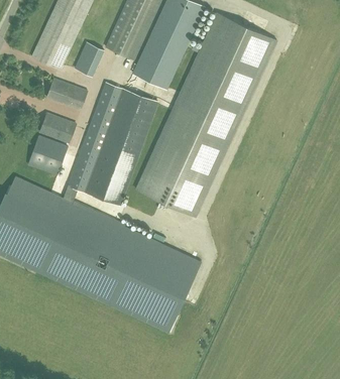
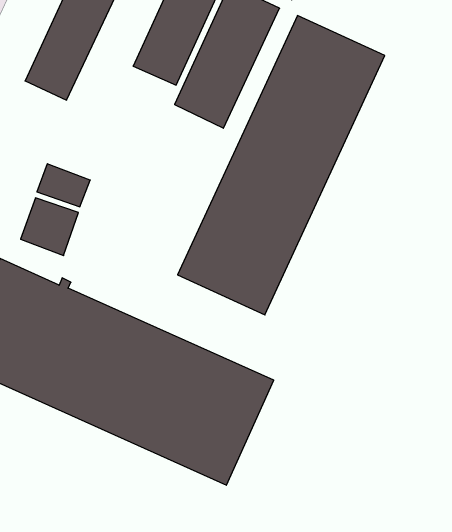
building: [74,41,103,76] -> none
building: [45,79,86,110] -> none
building: [68,83,157,205] -> none

